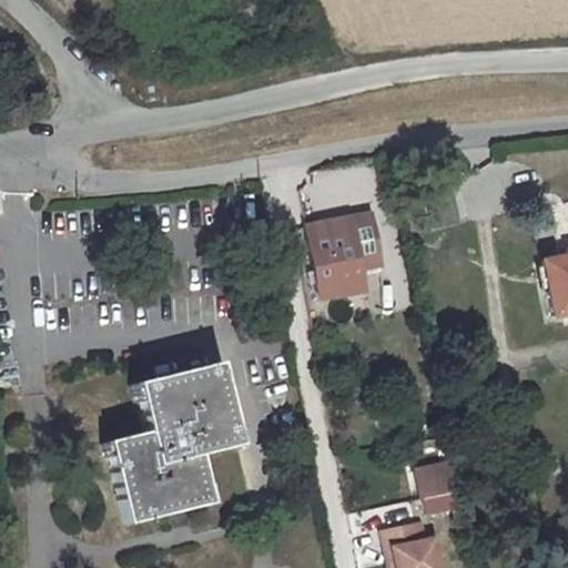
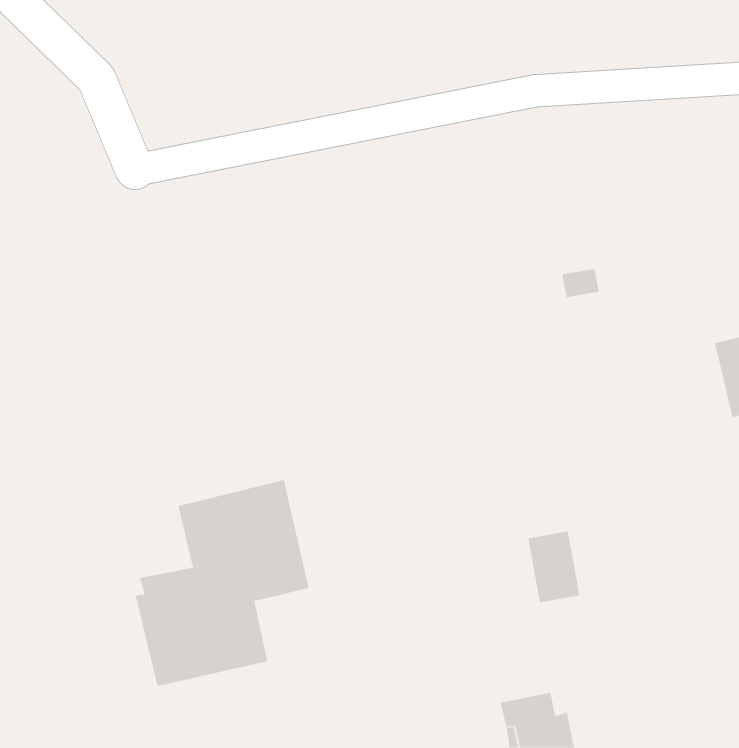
building: [311,213,385,297] -> none
building: [417,459,457,514] -> [527,531,580,603]

